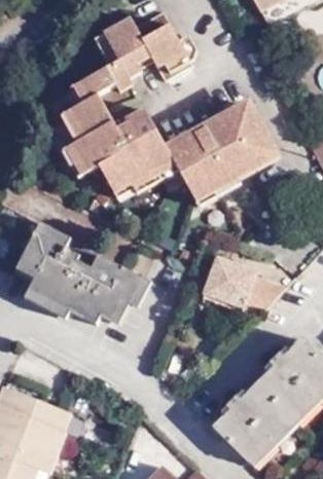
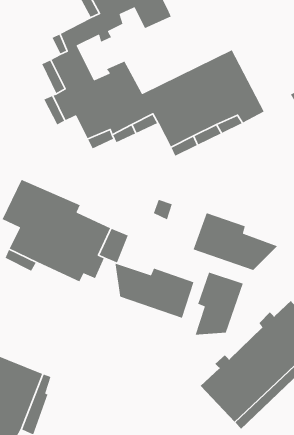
building: none -> [114,263,195,319]
building: none -> [195,272,244,336]

